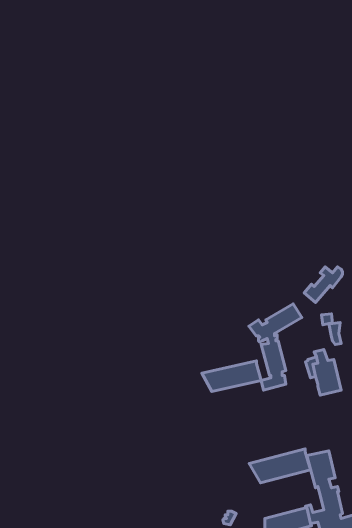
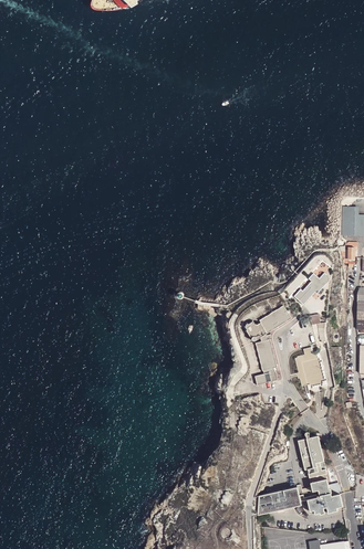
building: [202,361,261,391] -> none
building: [249,449,311,483] -> none

